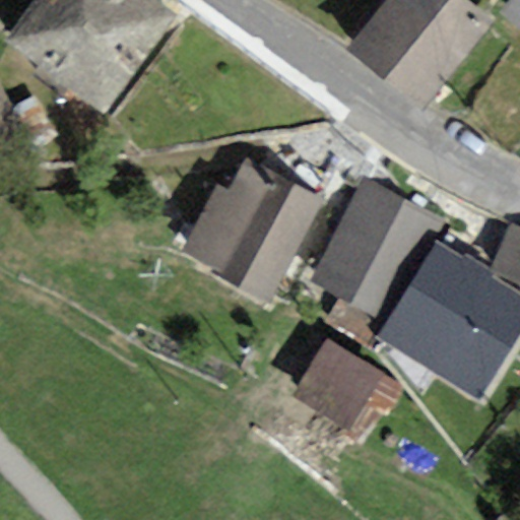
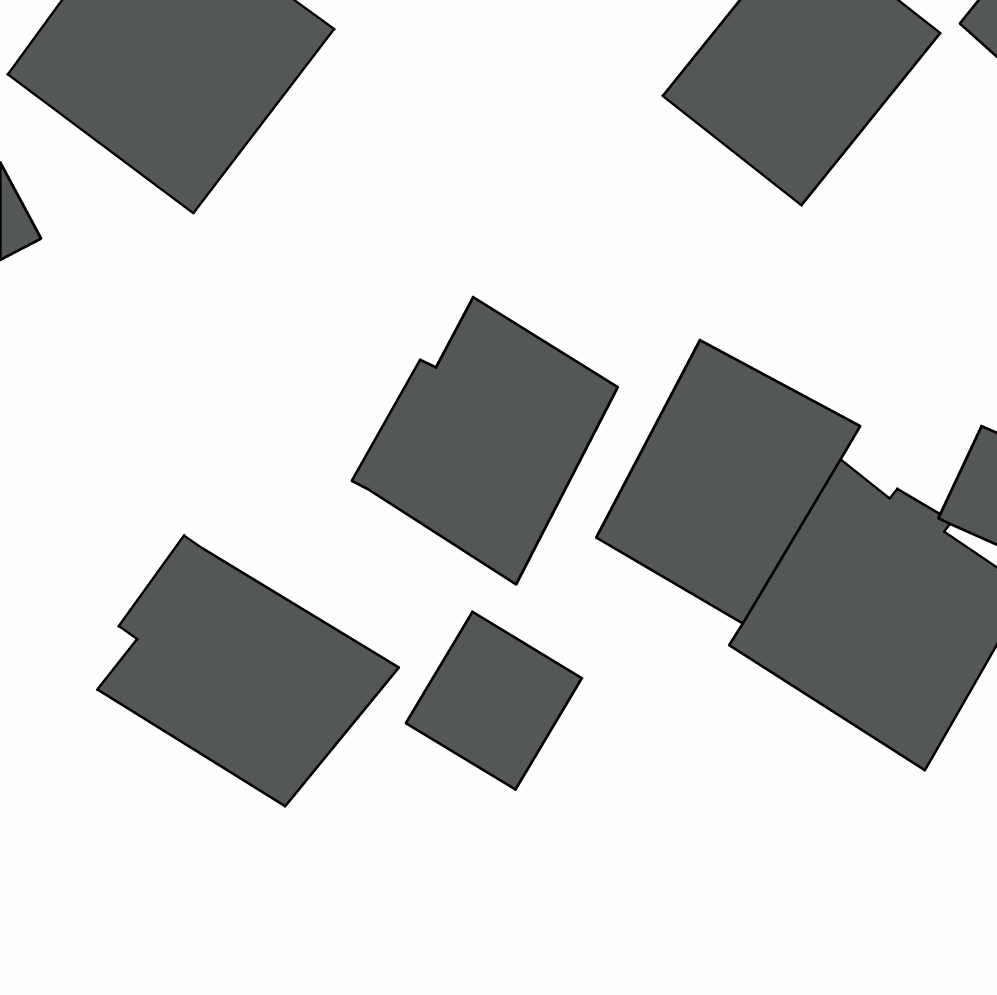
building: none -> [97,535,399,806]
building: [290,337,382,430] -> [406,612,582,790]

